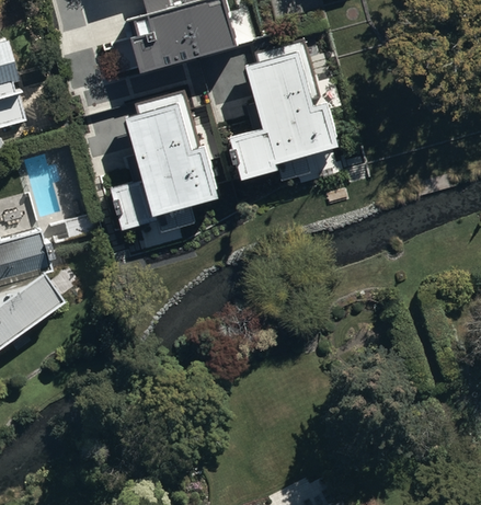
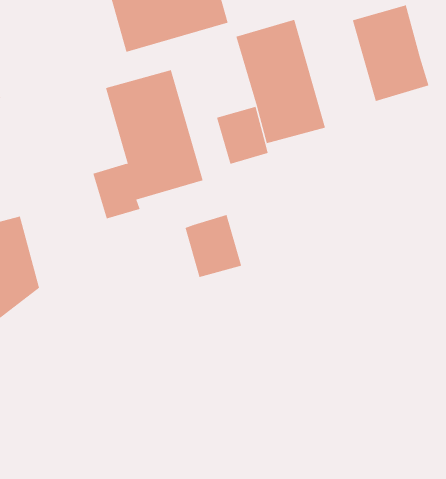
building: none -> [352,5,429,102]
building: none -> [185,214,242,278]

